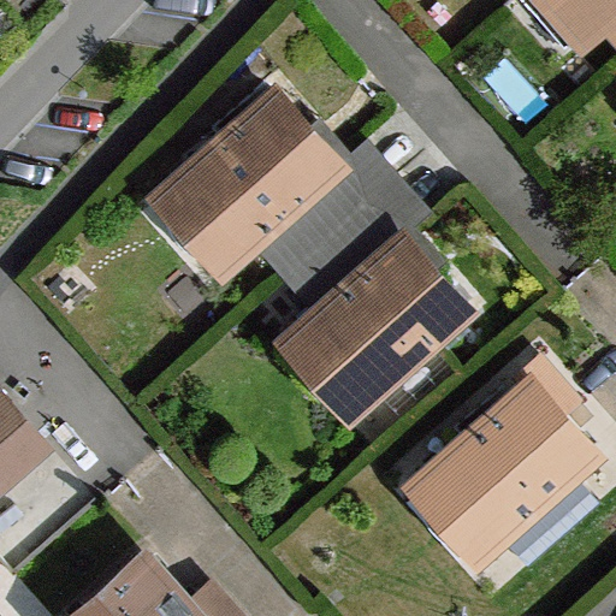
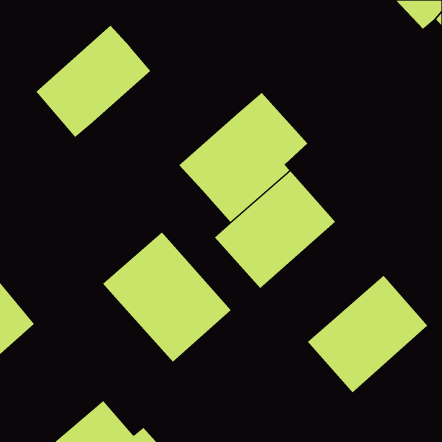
building: [170,95,330,251] -> [36,25,151,138]
building: none -> [102,231,232,362]

